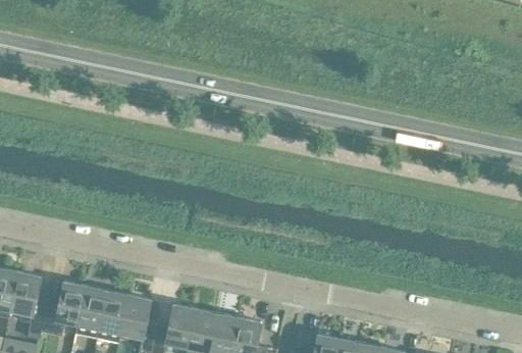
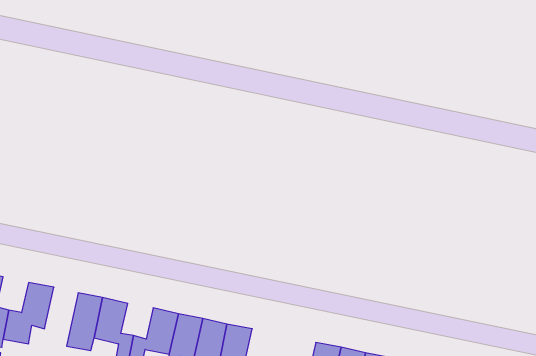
building: [74,286,106,338] -> none

